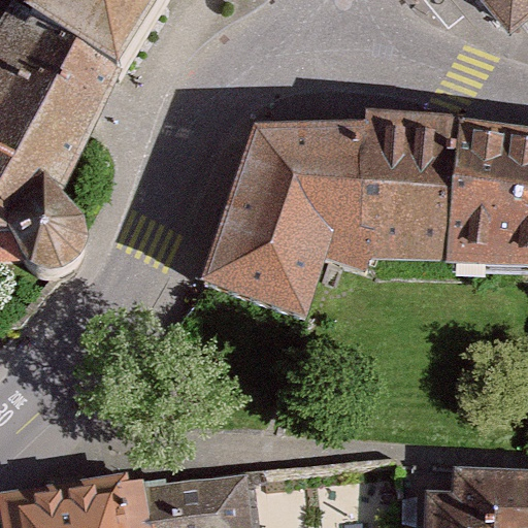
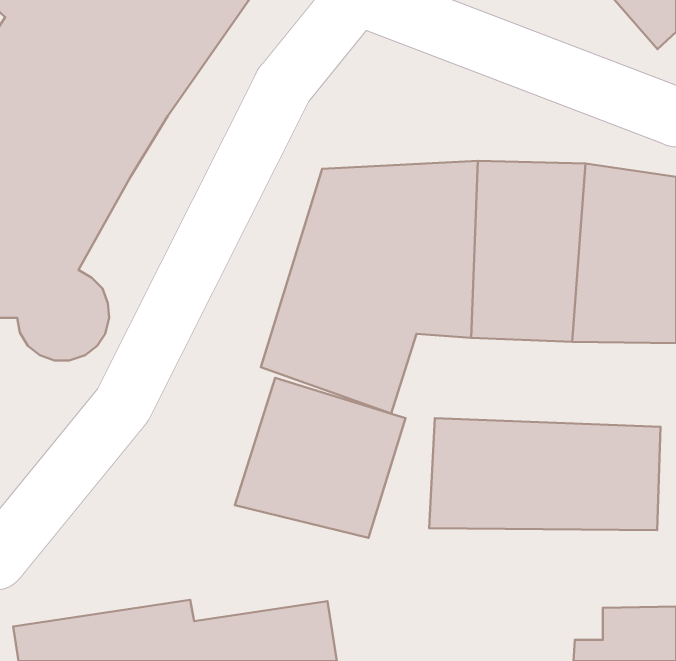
building: none -> [235,378,405,538]
building: none -> [429,418,661,530]

